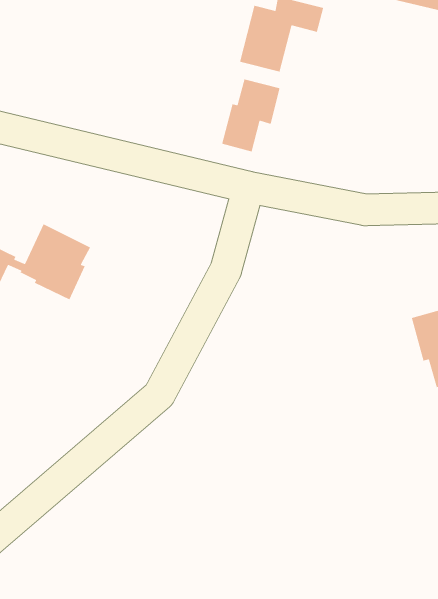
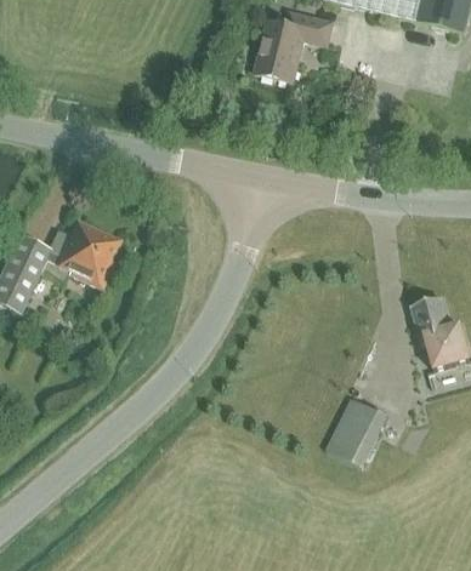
building: [221,78,281,152] -> none
building: none -> [324,398,385,467]

